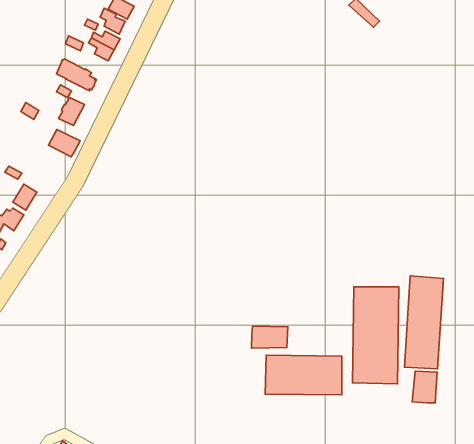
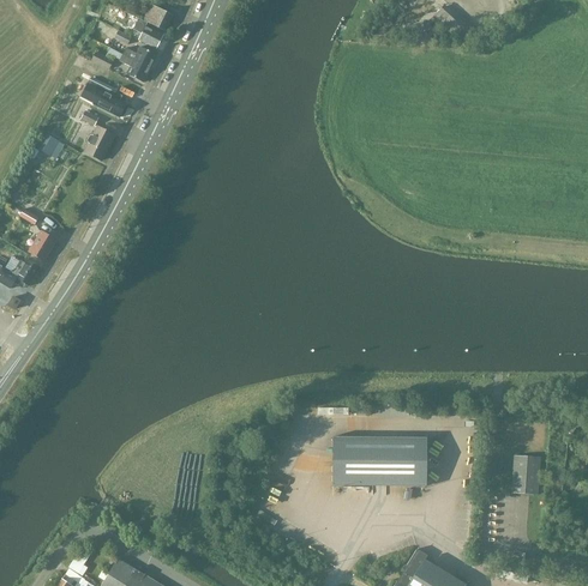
building: [48,129,80,157] -> none
building: [404,276,443,369] -> none
building: [353,287,399,384] -> none
building: [252,326,288,348] -> none

